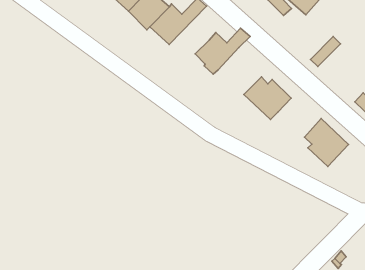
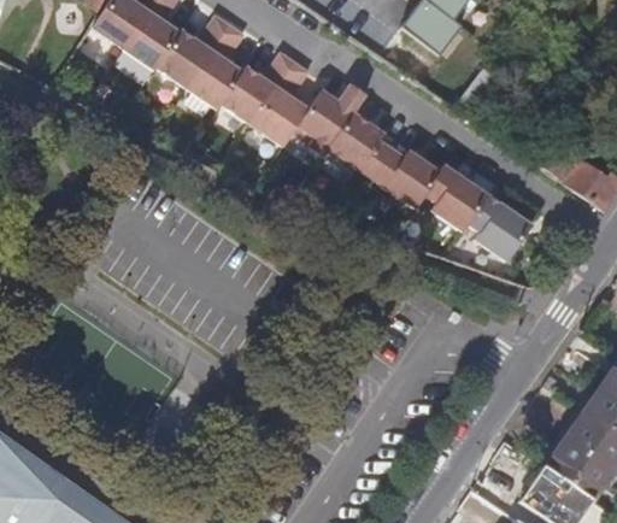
building: none -> [253,61,310,145]
building: none -> [328,112,390,177]
building: none -> [422,165,484,230]

